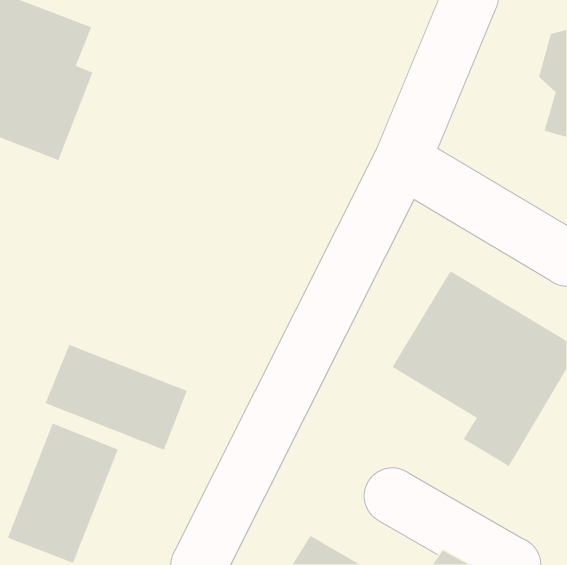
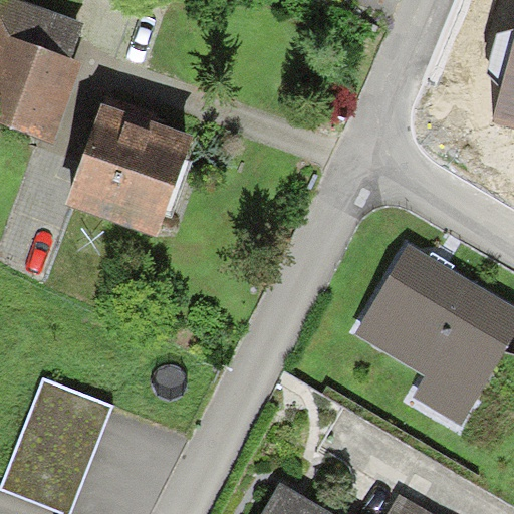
building: none -> [68,104,195,236]
building: [45,344,188,451] -> none

